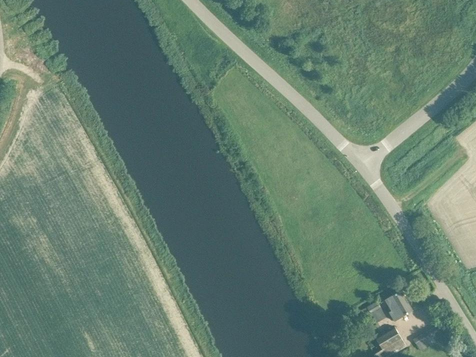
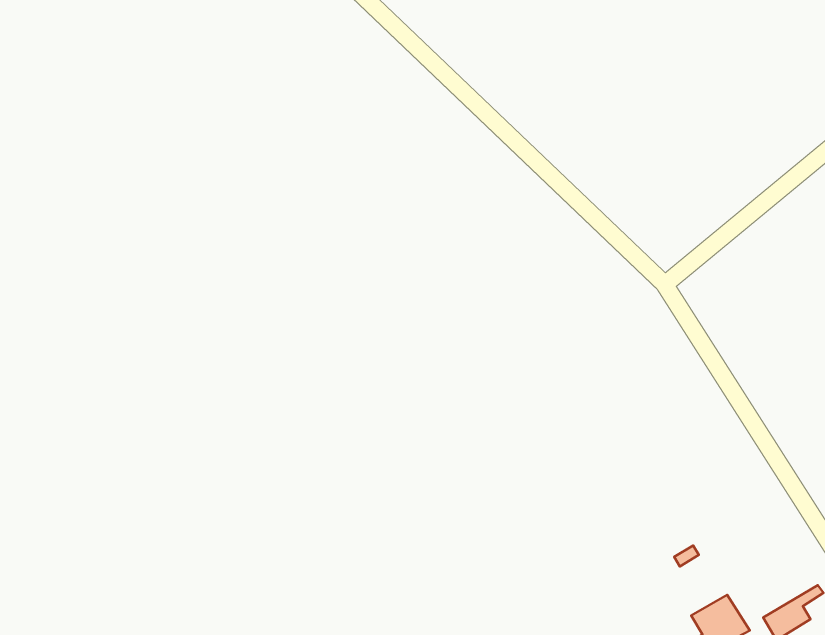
building: [384,292,411,322] -> none

